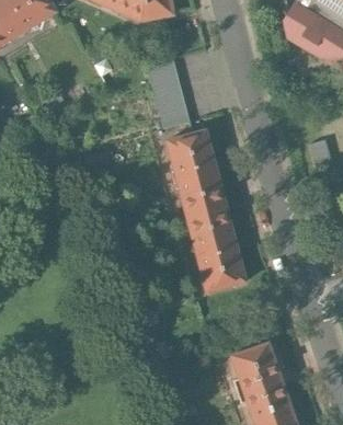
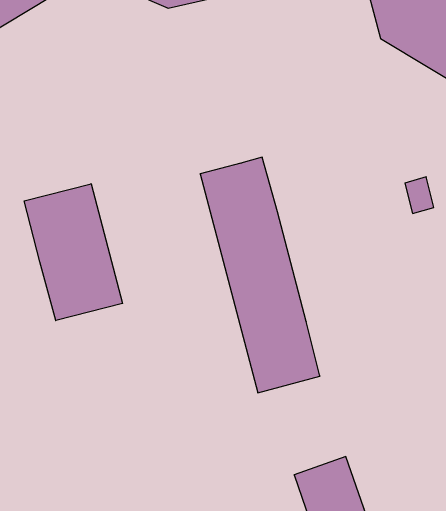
building: [144,61,192,139] -> none
building: none -> [24,184,123,321]

